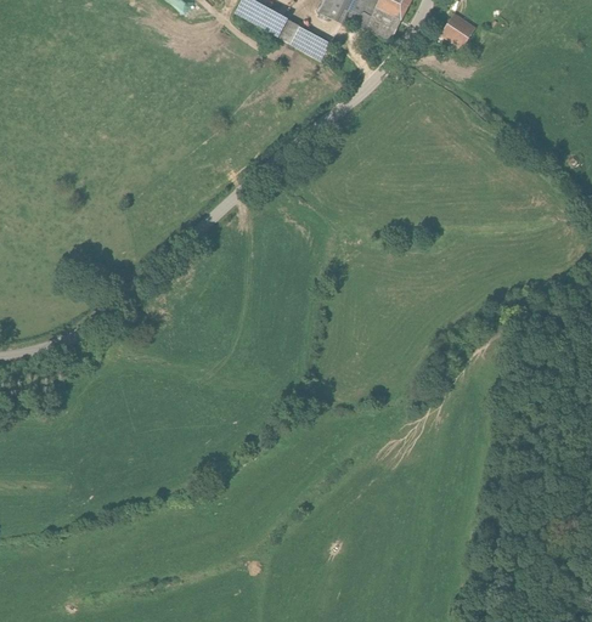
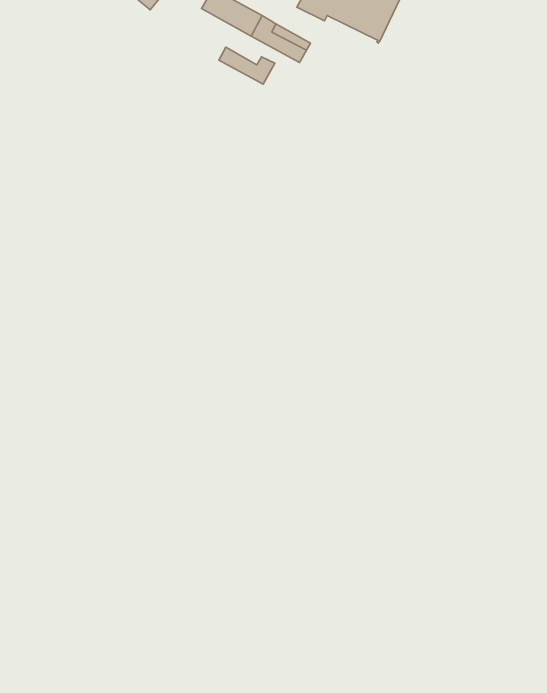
building: [439,11,473,45] -> none
building: none -> [219,47,275,84]

